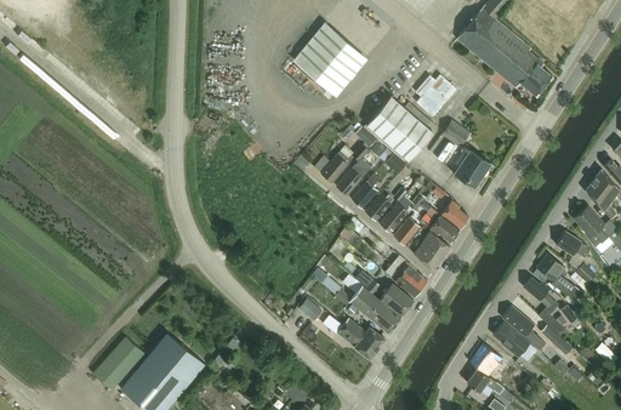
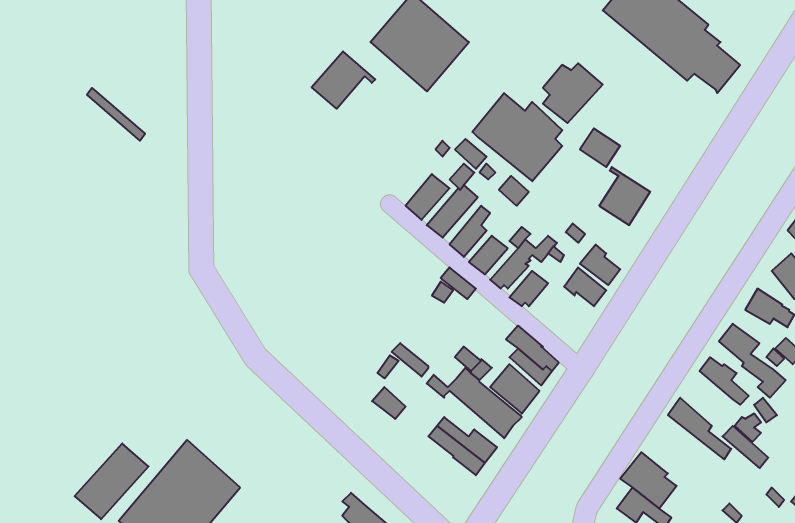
building: none -> [312,51,375,109]
building: [414,232,451,271] -> none
building: [492,323,529,357] -> none

